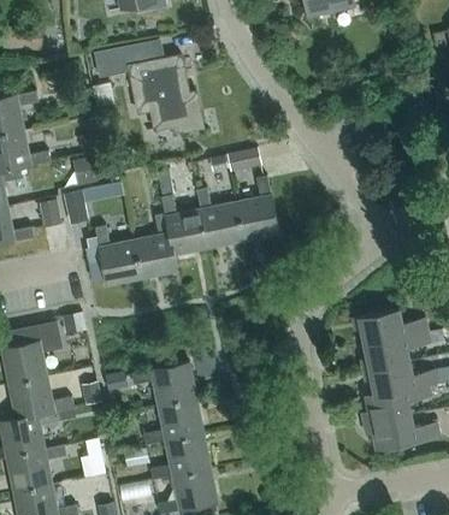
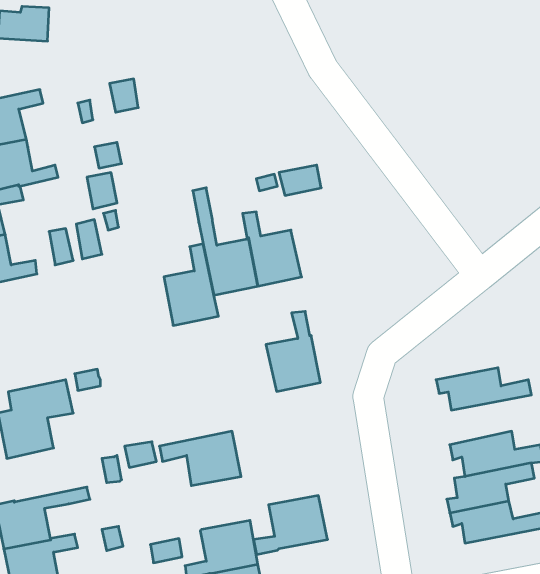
building: [94,47,202,132] -> none
building: [236,176,279,239] -> [266,311,320,391]
building: [87,225,142,285] -> none
building: [360,333,429,373] -> none
building: [10,375,73,419] -> none
building: [144,398,203,445] -> [253,496,328,555]

